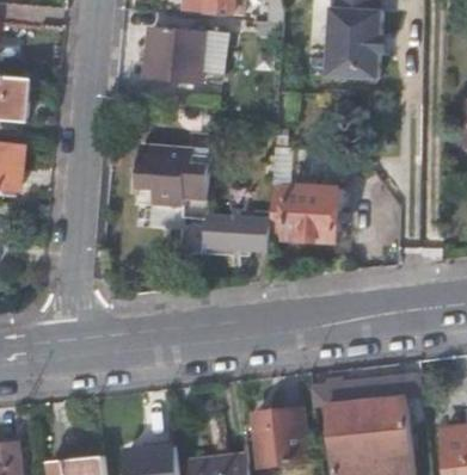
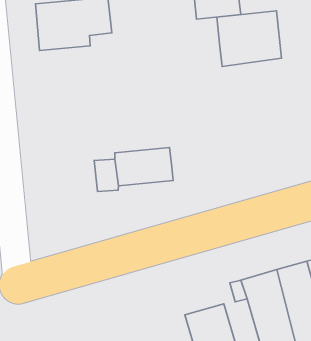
building: [134,144,210,205] -> none
building: [268,181,340,241] -> [217,11,282,67]

